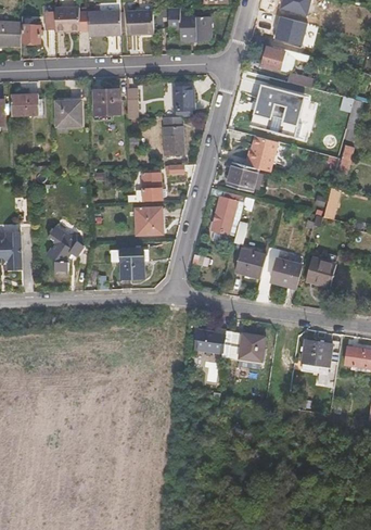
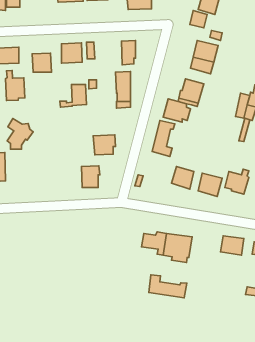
building: none -> [5,71,25,101]
building: [127,173,162,202] -> [60,84,86,107]
building: [48,227,81,267] -> [7,118,33,149]
building: none -> [149,275,187,298]

